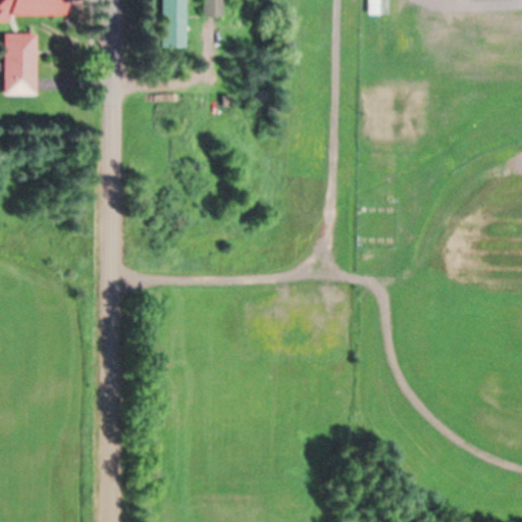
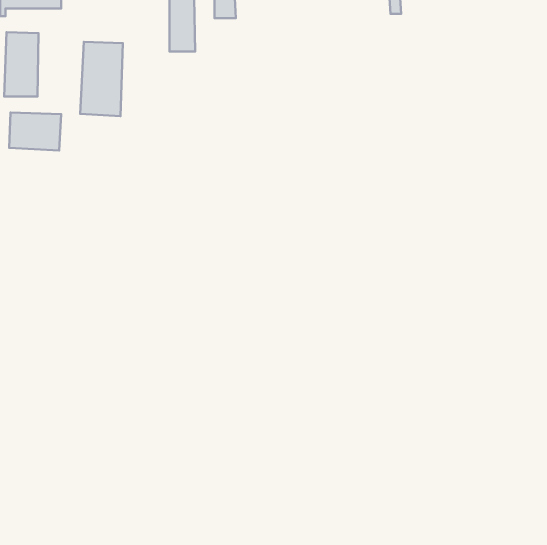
building: none -> [80,42,123,116]
building: none -> [9,113,61,150]

